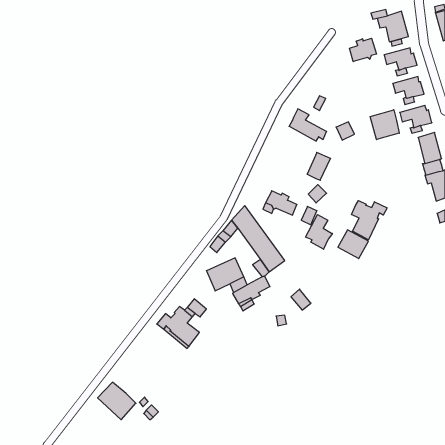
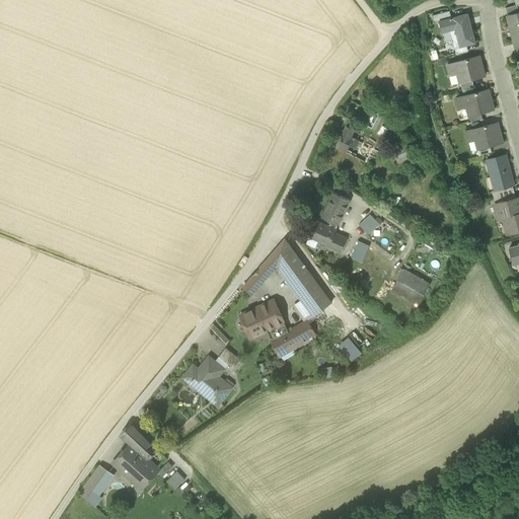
building: [350,38,377,62] -> none
building: [370,110,399,140] -> none
building: [307,152,331,180] -> [322,193,350,225]
building: [352,201,387,240] -> none
building: [306,215,332,249] -> none
building: none -> [121,423,156,458]
building: none -> [80,465,110,507]

